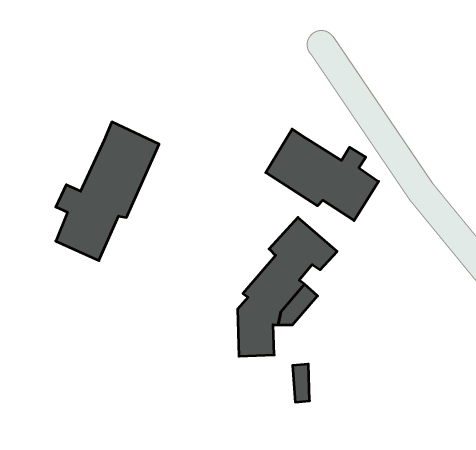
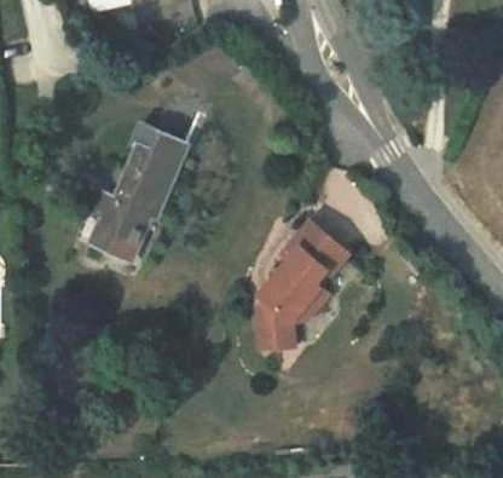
building: [266,129,379,221] -> none

